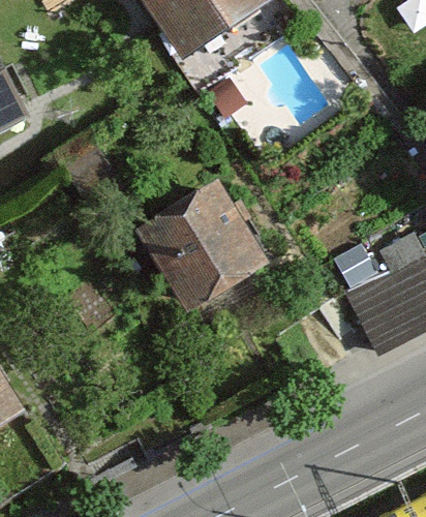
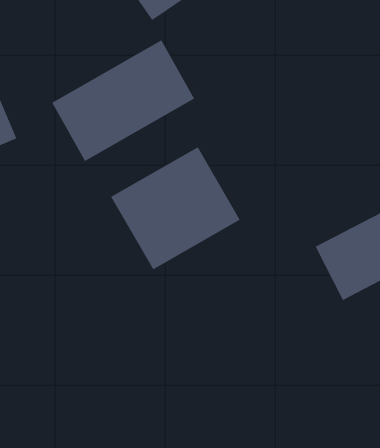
building: none -> [52,39,195,162]

